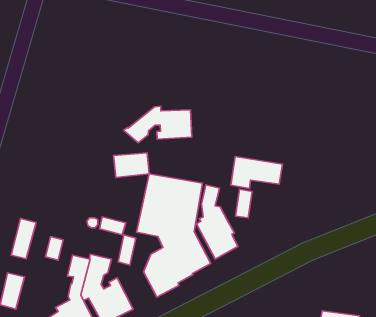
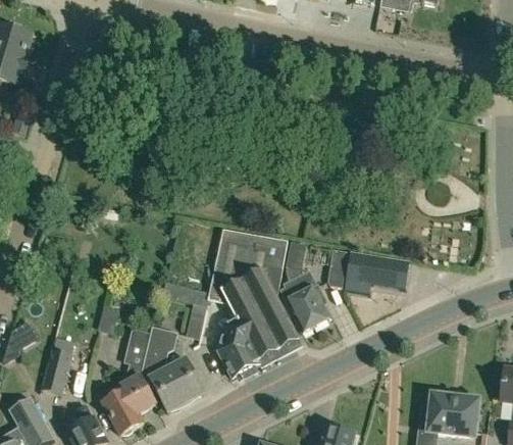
building: [124,106,192,143] -> none
building: [114,153,149,177] -> none
building: [231,156,282,189] -> [347,251,409,290]
building: [11,218,36,259] -> none

